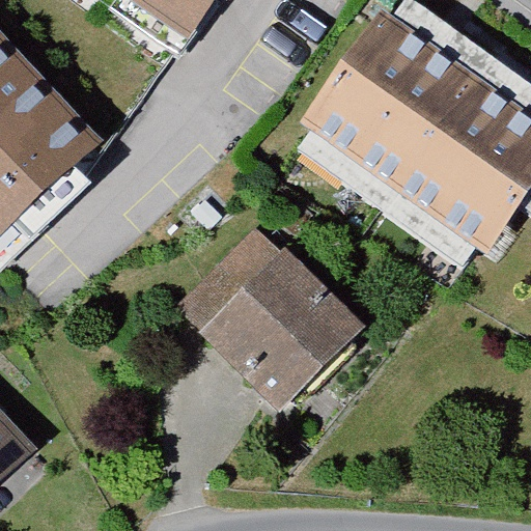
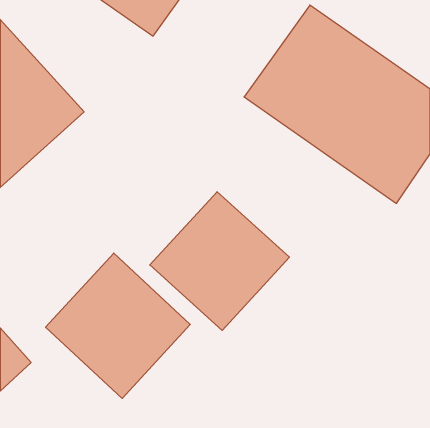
building: none -> [46,253,190,398]

